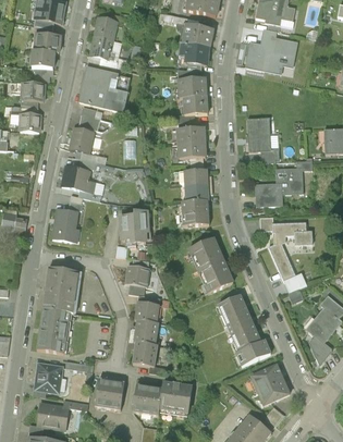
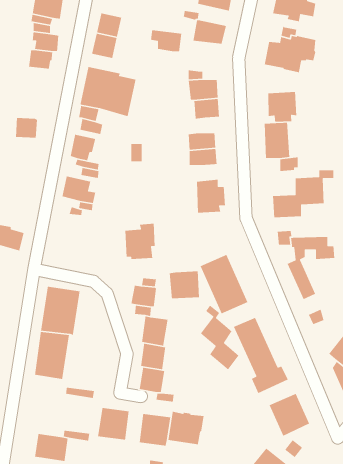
building: [180,42,209,63] -> [150,30,182,52]
building: [15,81,45,101] -> none
building: none -> [268,91,297,122]
building: [181,199,209,225] -> [169,271,200,299]
building: [52,209,76,241] -> none
building: none -> [200,305,240,371]
building: [35,361,62,391] -> none

